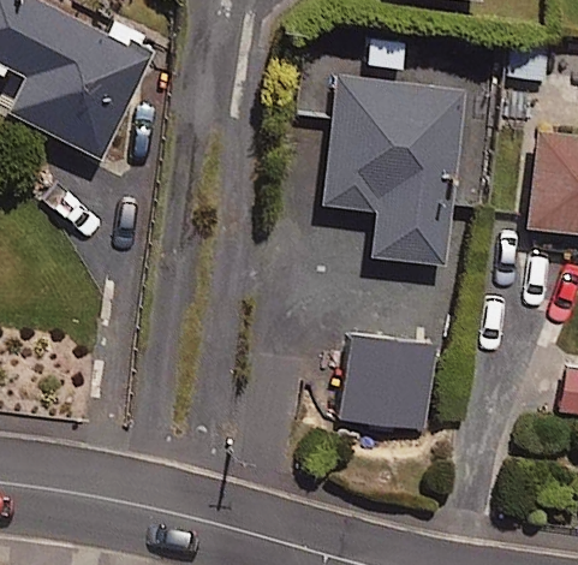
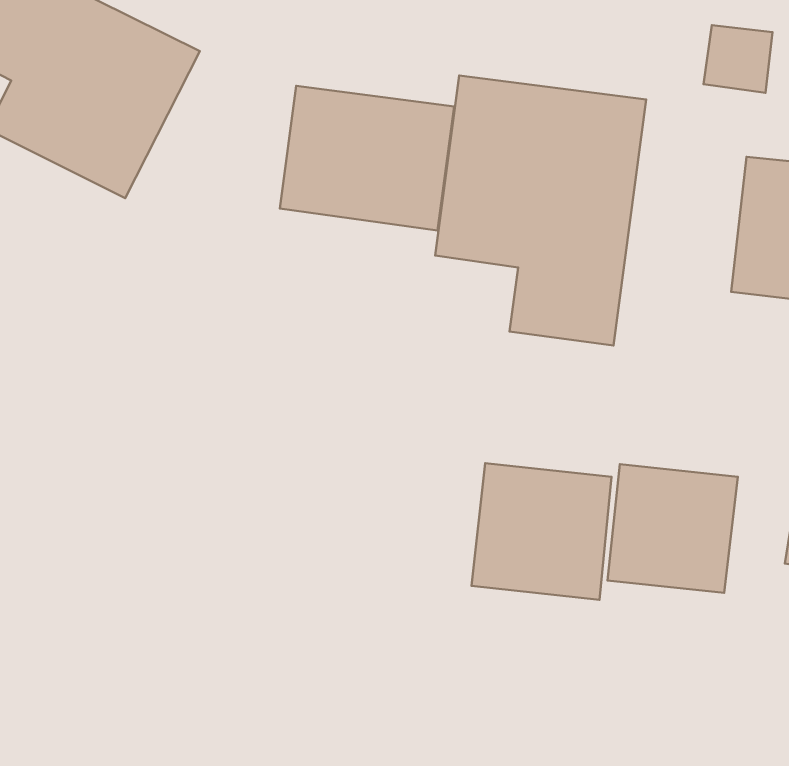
building: none -> [280,86,454,231]
building: none -> [608,464,738,593]

